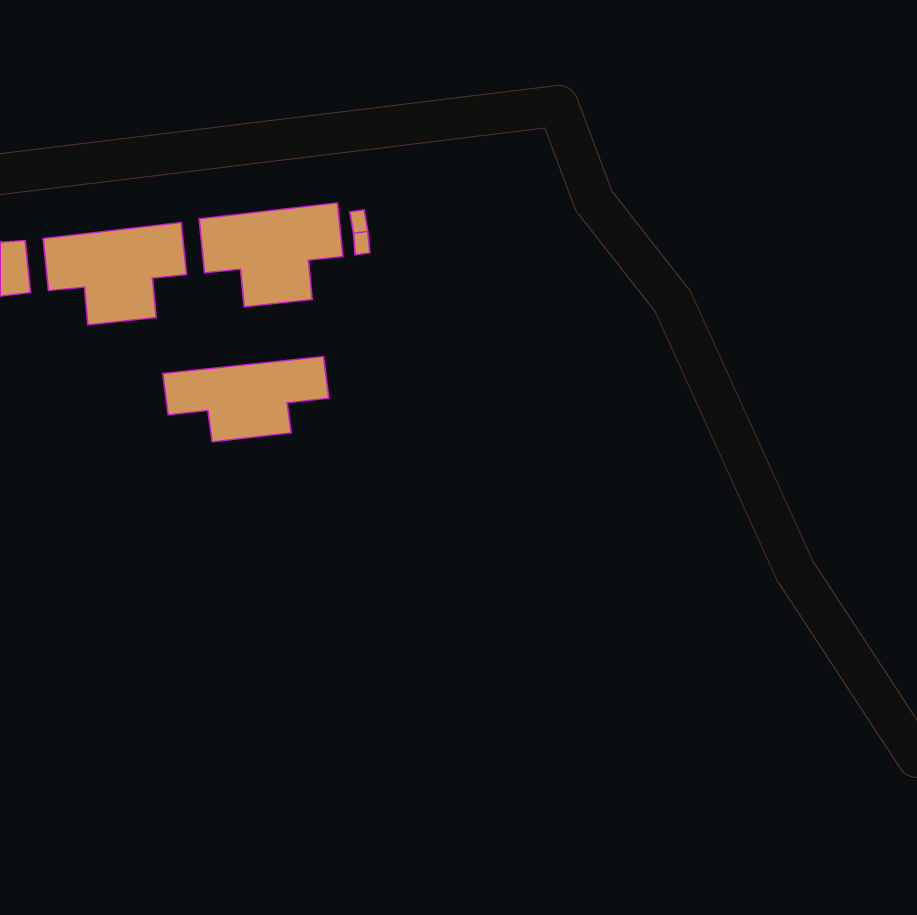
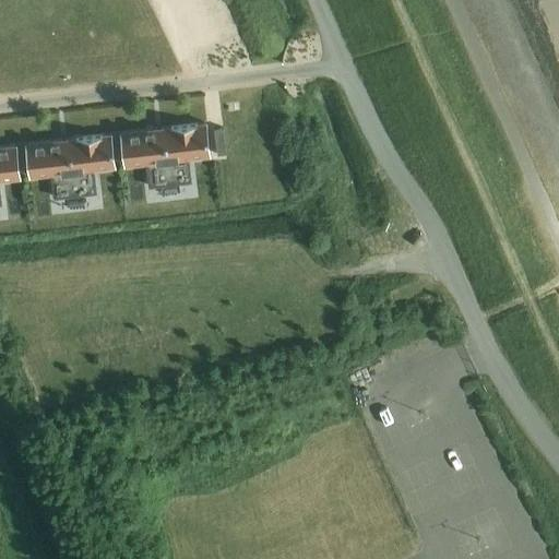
building: [163,357,329,442] -> none

